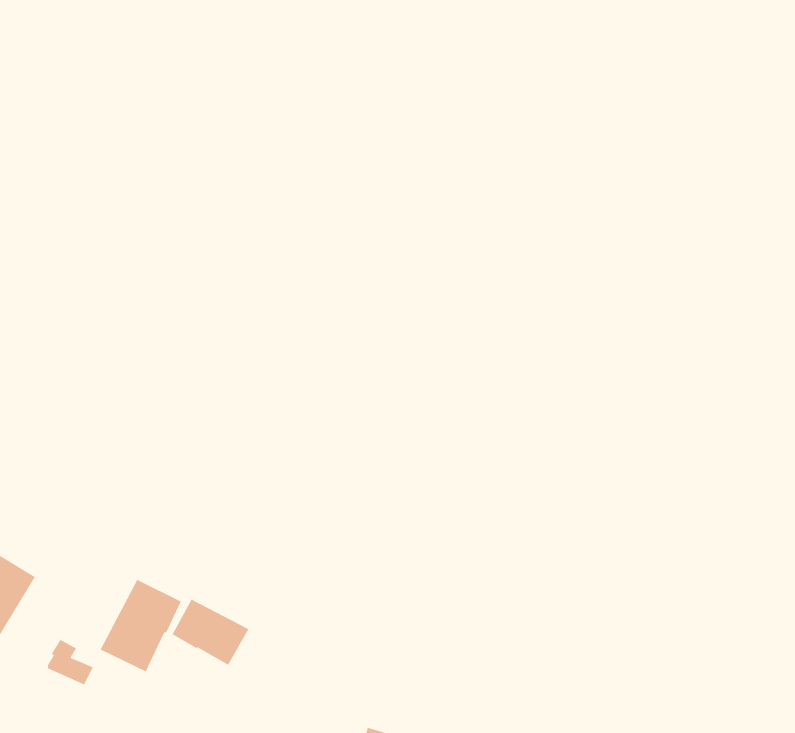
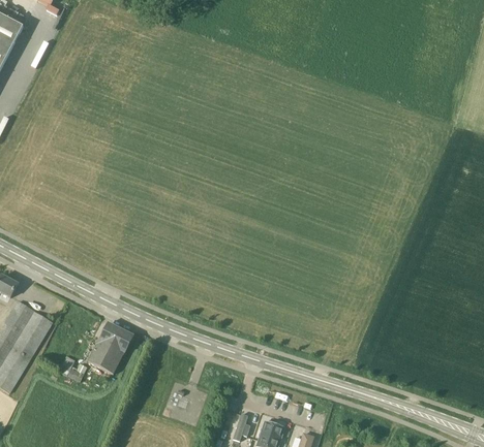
building: [171,599,249,666] -> none

